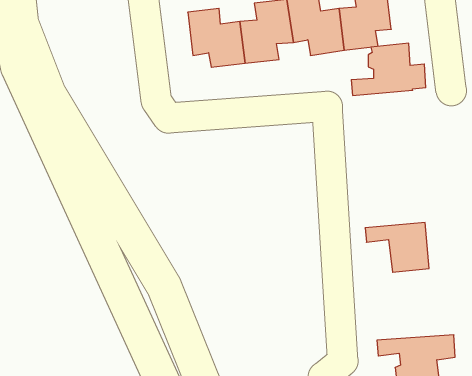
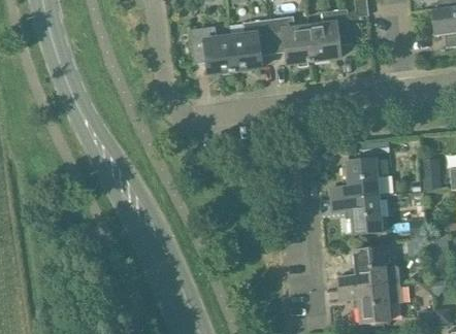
building: [351,43,426,95] -> [331,158,390,199]
building: none -> [340,247,402,288]

